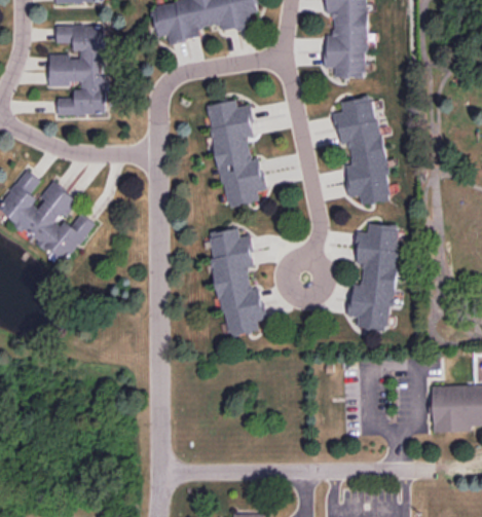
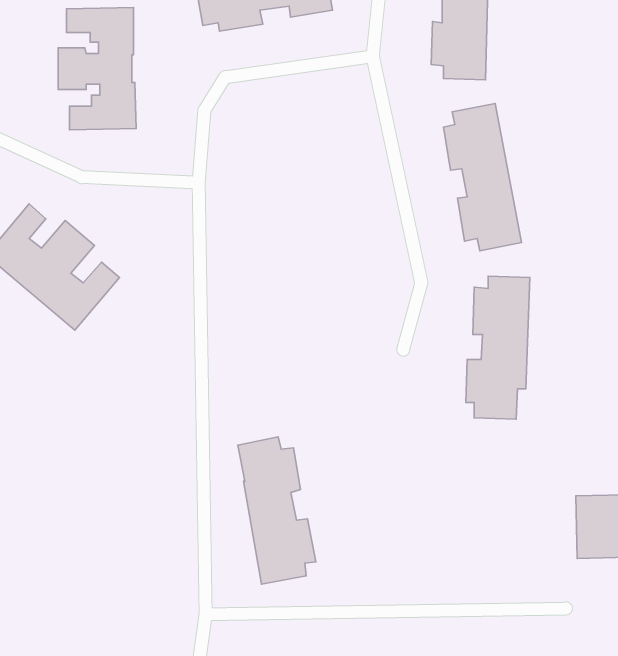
building: [208,100,264,207] -> none
building: [208,227,265,336] -> [238,437,316,584]

